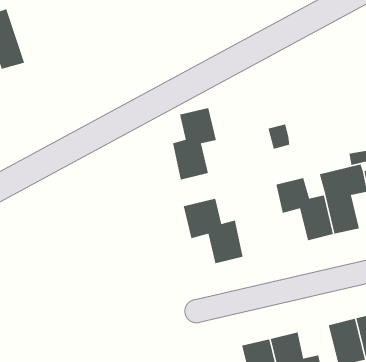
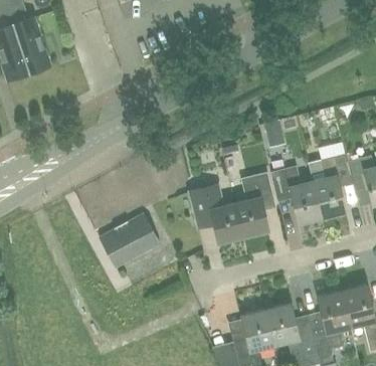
building: [172,107,217,180] -> [235,172,274,236]
building: none -> [101,213,161,266]

